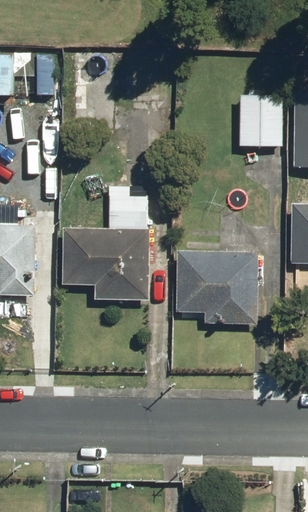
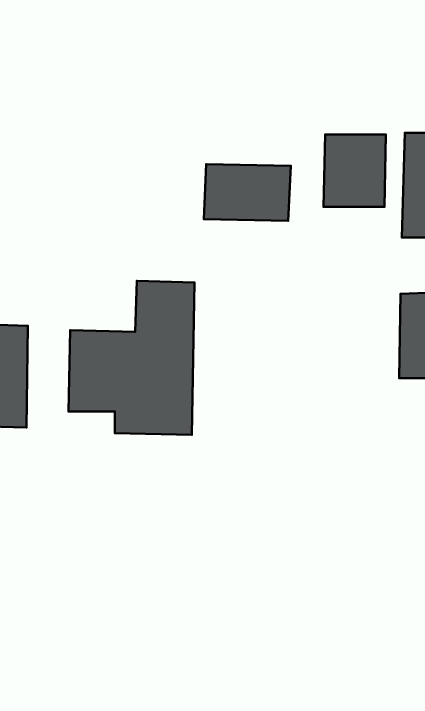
building: none -> [204,164,291,221]
building: [176,251,256,323] -> none

